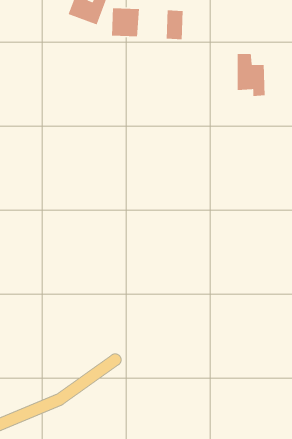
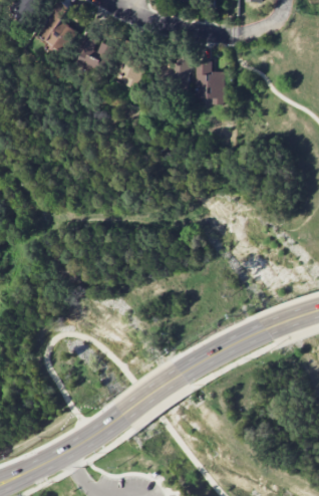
building: [237,53,265,97] -> [195,60,224,104]

